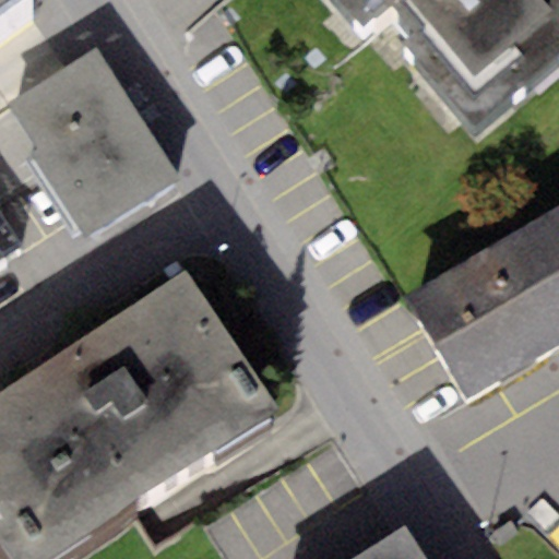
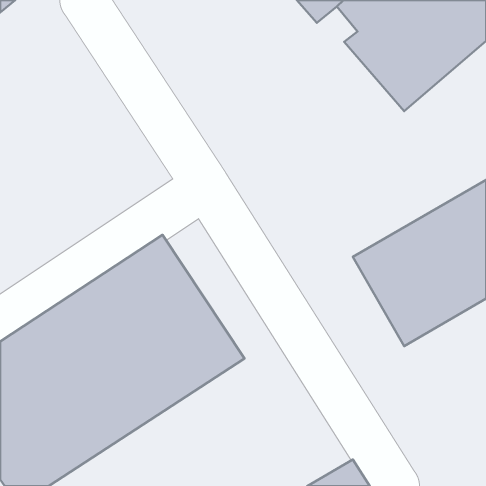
building: [7,47,177,235] -> none

